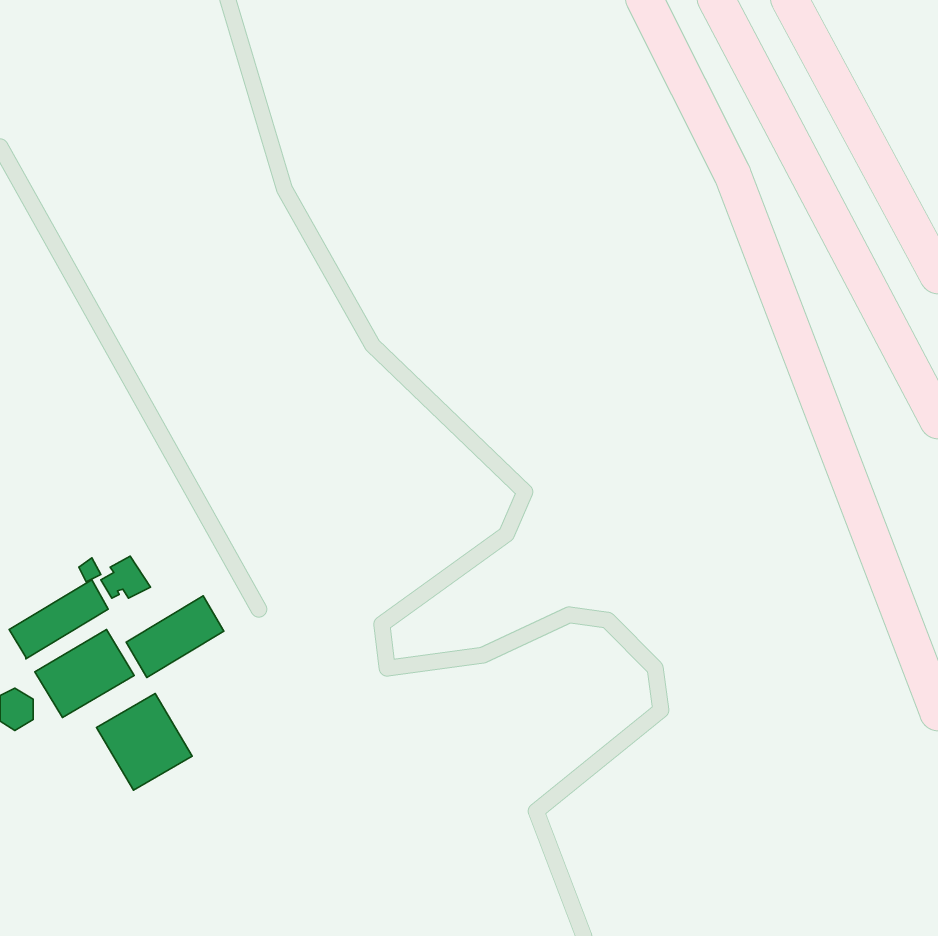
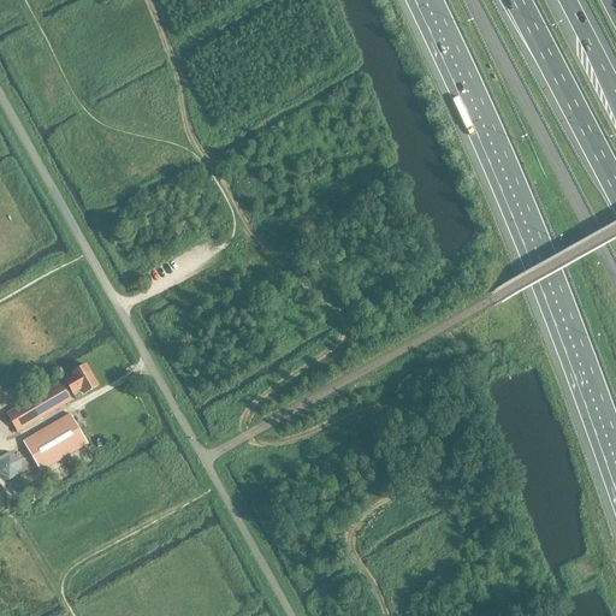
building: [126,596,224,677] -> none
building: [97,693,192,790] -> none

